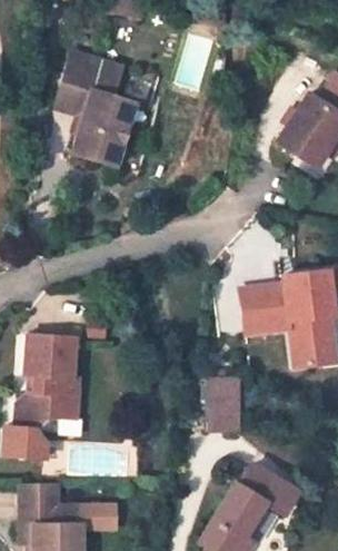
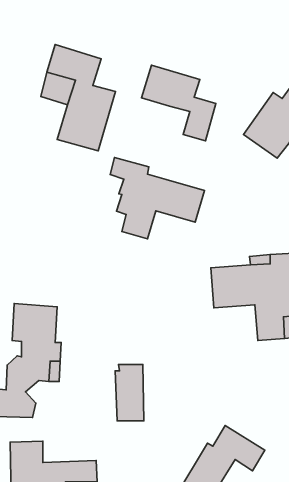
building: none -> [141,65,216,141]
building: none -> [110,157,204,239]
building: [209,367,240,429] -> [115,365,144,421]

